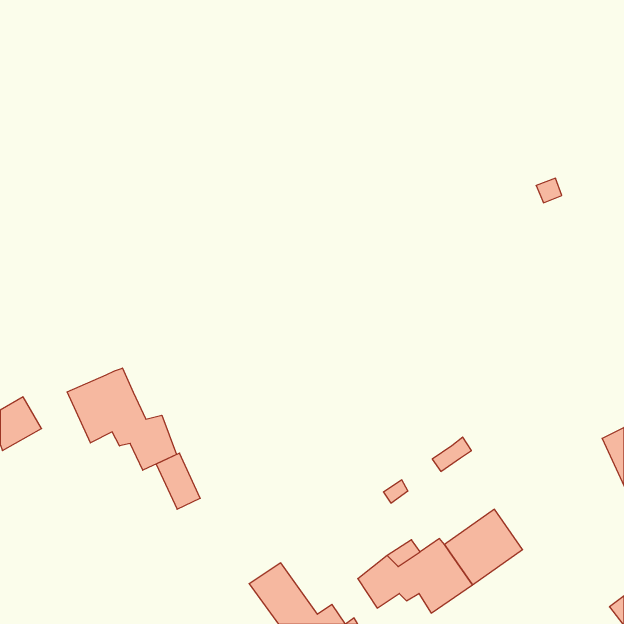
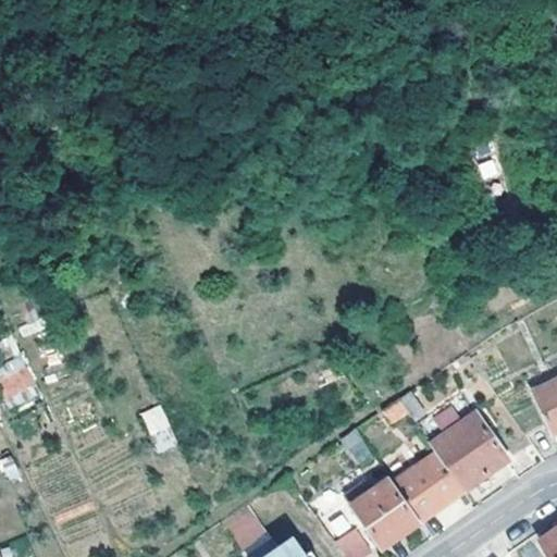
building: [67,368,177,470] -> none
building: none -> [434,413,510,490]

